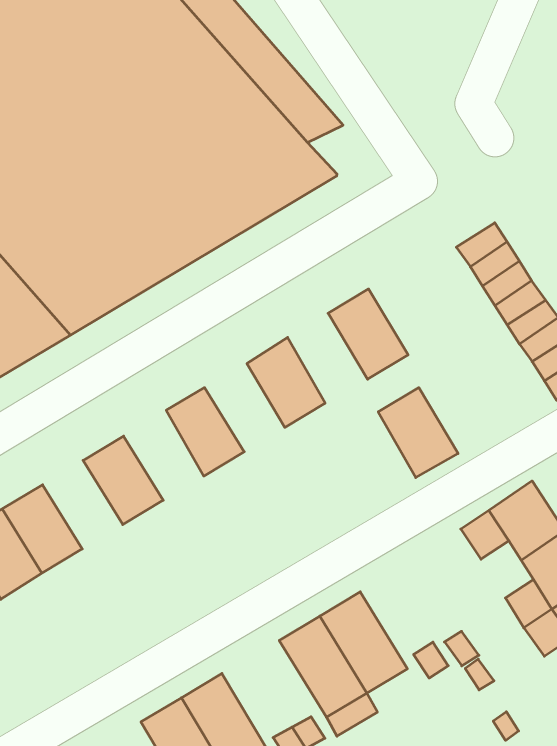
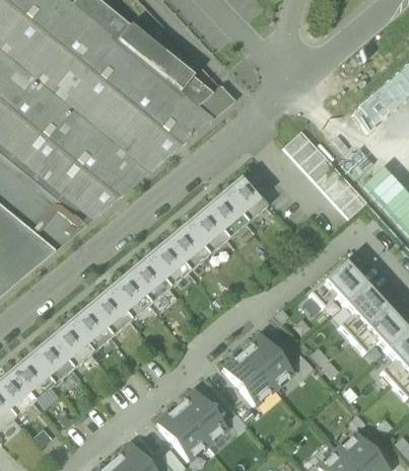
building: none -> [196,85,235,117]
building: none -> [162,225,208,271]
building: [378,388,458,478] -> [202,191,248,239]
building: none -> [124,256,169,304]
building: none -> [85,290,131,336]

